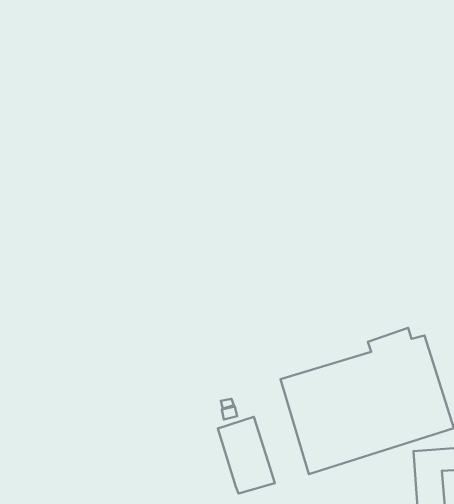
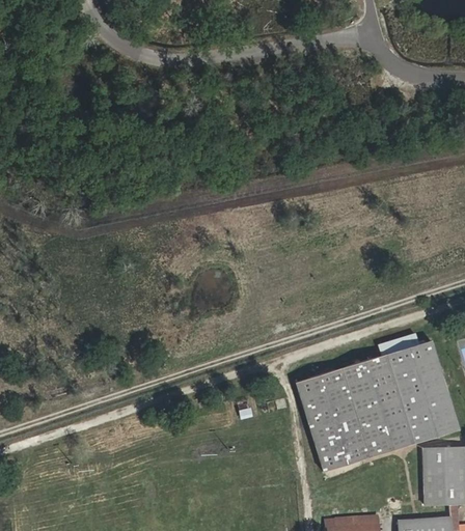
building: [218,417,275,493] -> none

